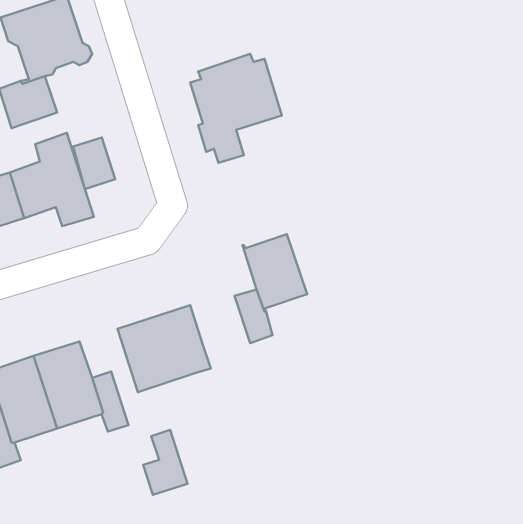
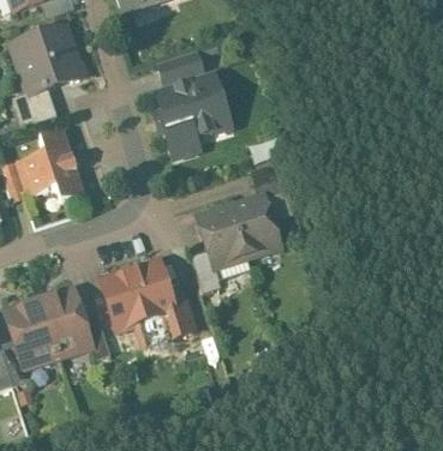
building: none -> [157,53,203,84]
building: [73,137,115,189] -> none
building: none -> [231,197,280,253]
building: [143,430,188,495] -> [161,287,194,336]

